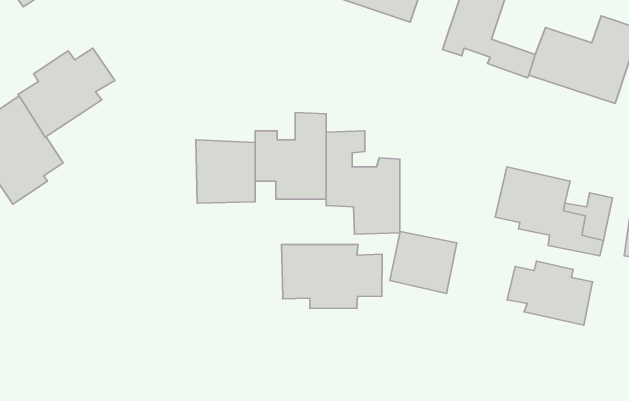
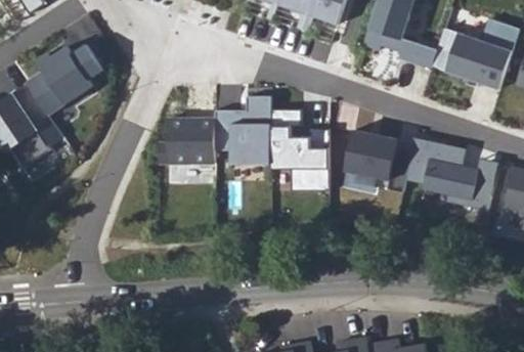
building: [390,231,457,293] -> [344,130,397,179]
building: [281,244,382,308] -> none
building: [507,261,593,325] -> none

